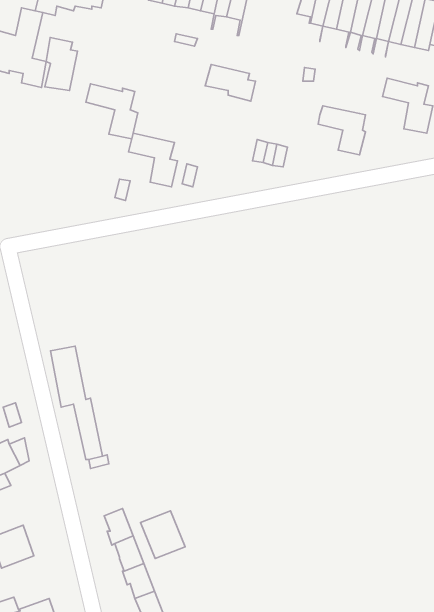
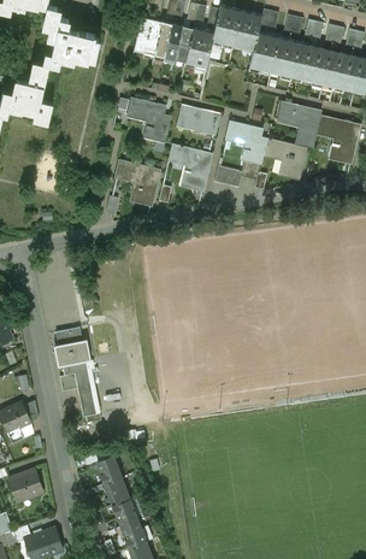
building: [45,37,77,91] -> none
building: none -> [279,104,320,148]
building: [86,84,138,139] -> [129,100,170,143]
building: none -> [228,123,267,165]
building: none -> [169,143,207,188]
building: [141,511,185,558] -> none

